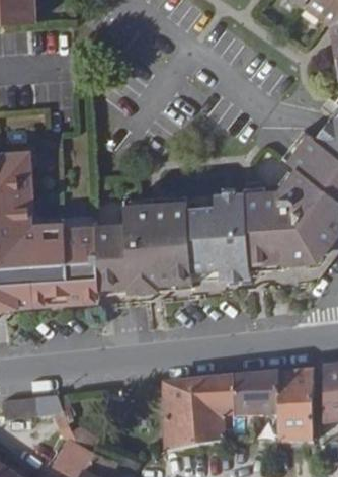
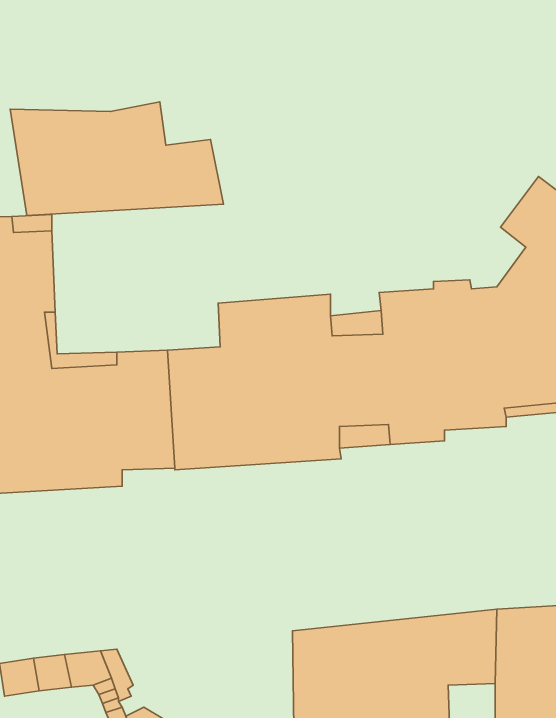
building: none -> [10,102,223,216]

